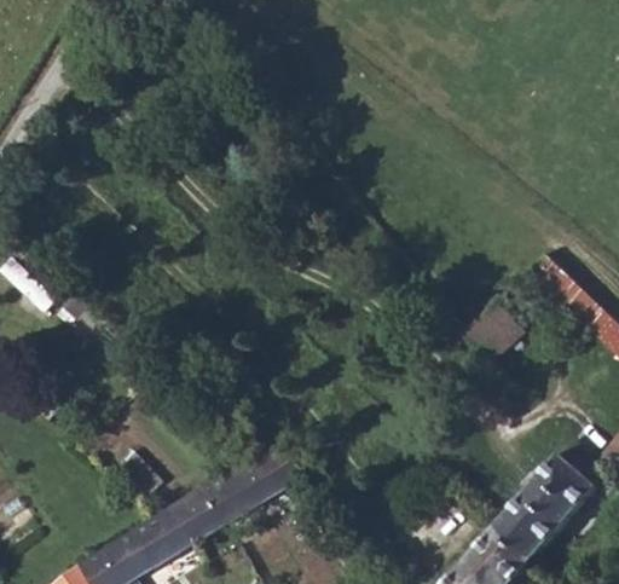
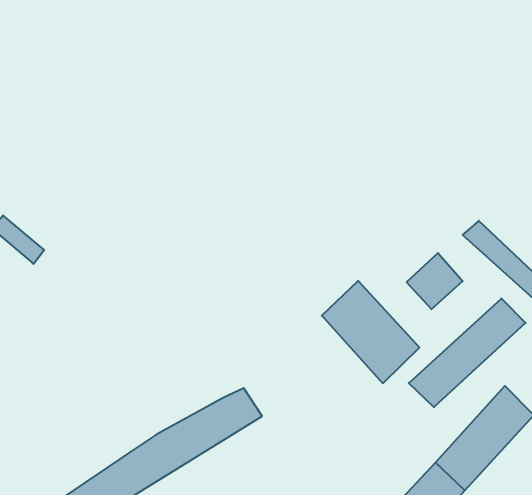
building: none -> [322,281,419,383]
building: none -> [409,298,526,407]

